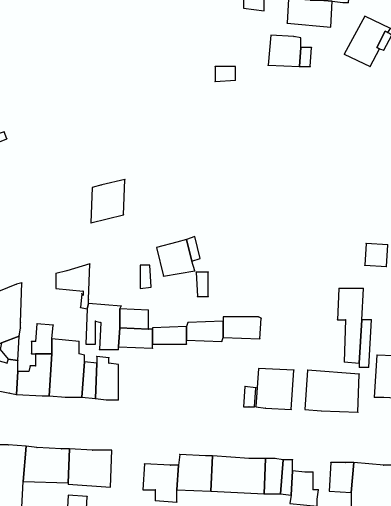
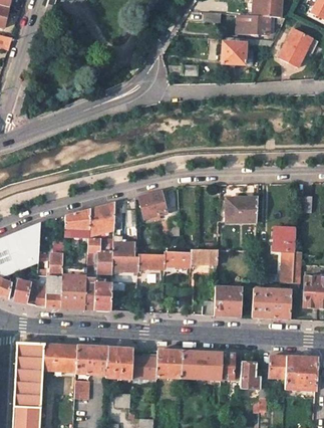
building: [91,179,125,223] -> [90,204,115,236]
building: none -> [224,197,257,223]
building: none -> [106,348,131,380]

